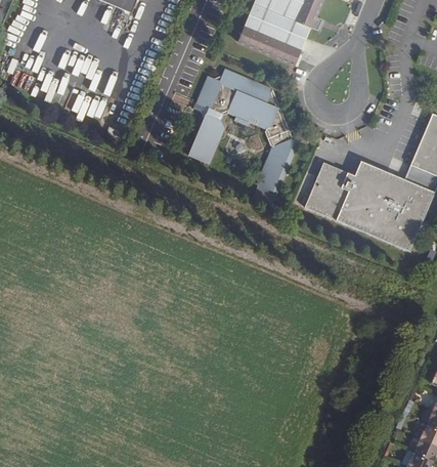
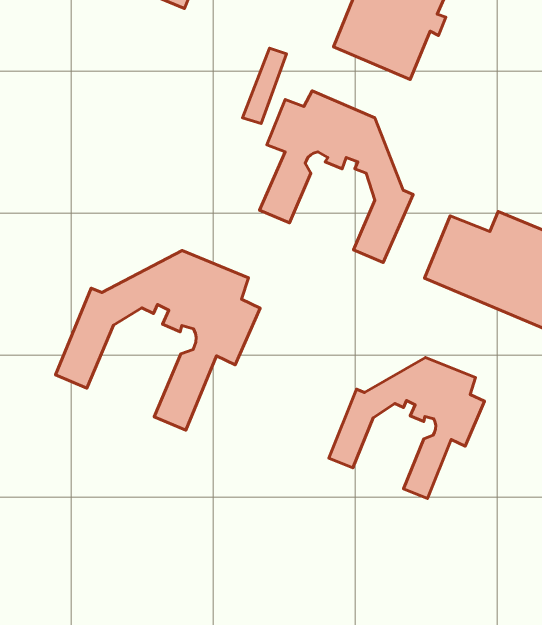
building: none -> [55,250,260,430]
building: none -> [329,358,484,499]

